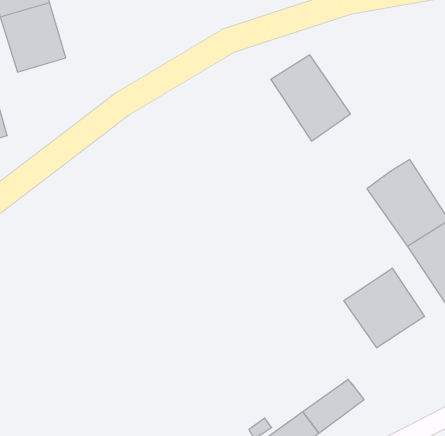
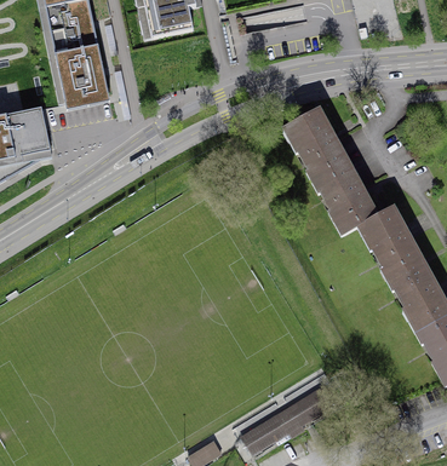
building: none -> [311,160,377,232]
building: [344,268,425,348] -> none

